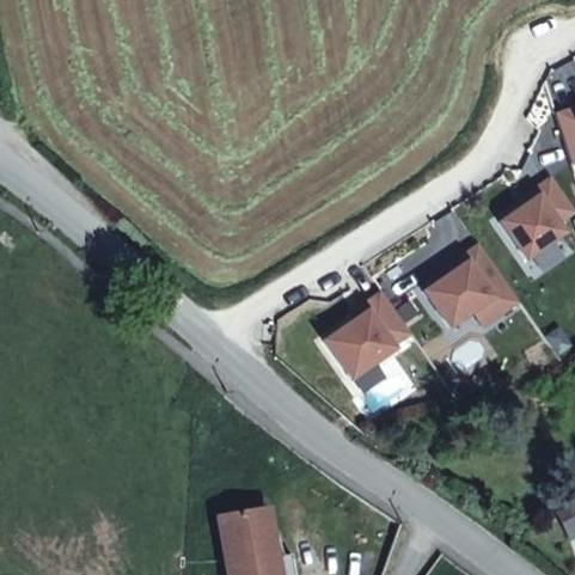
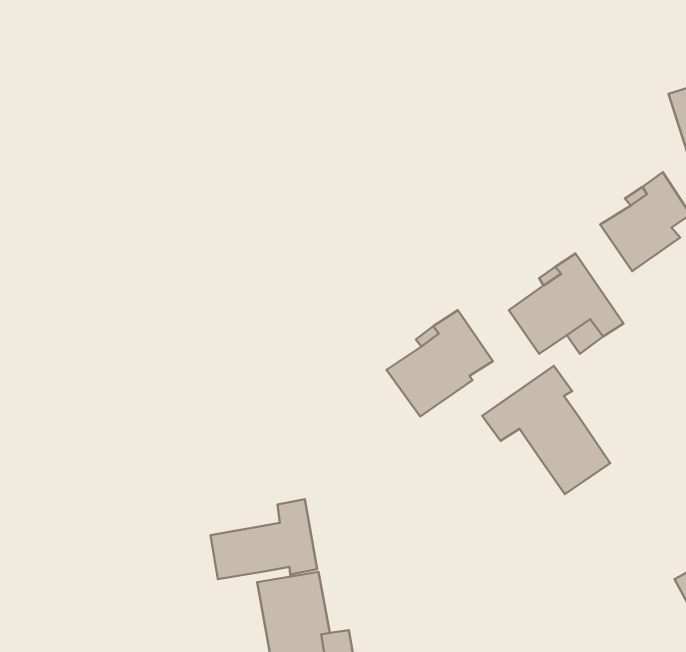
building: none -> [482,366,610,494]
building: none -> [210,499,317,579]

